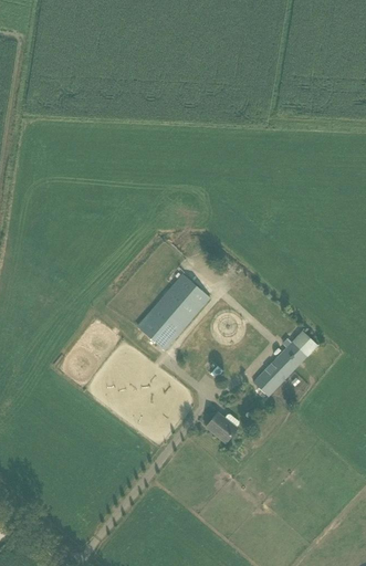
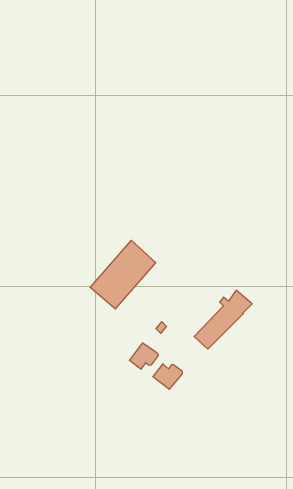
building: none -> [129,343,158,369]

